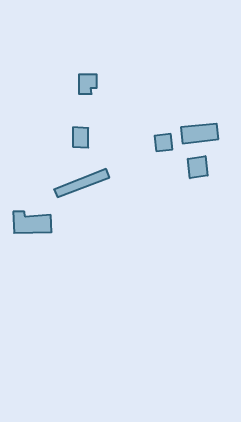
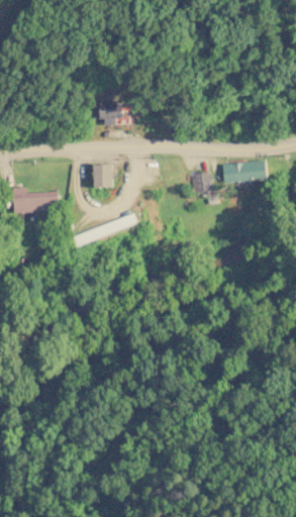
building: [188,156,208,178] -> none
building: [13,212,52,233] -> [13,188,59,213]

